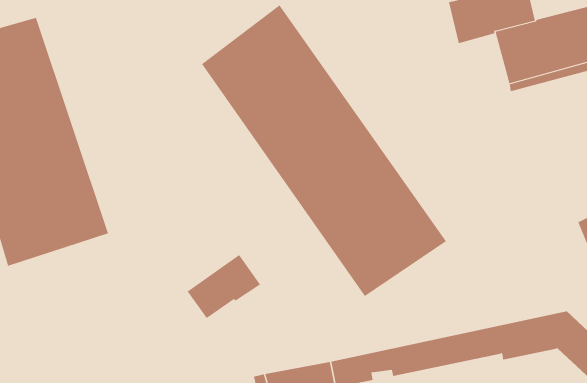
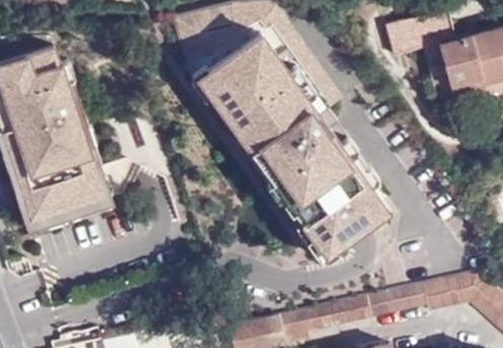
building: [187,254,261,319] -> none

